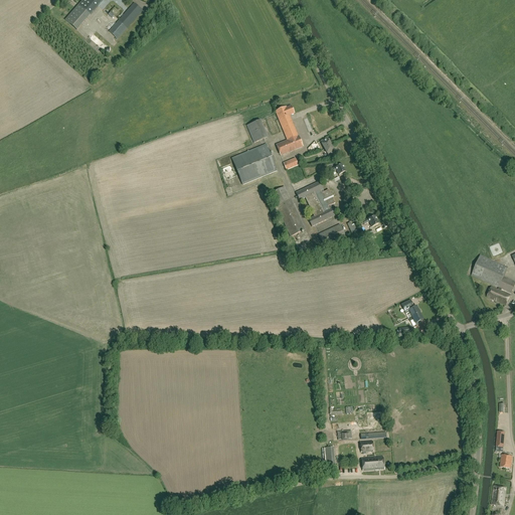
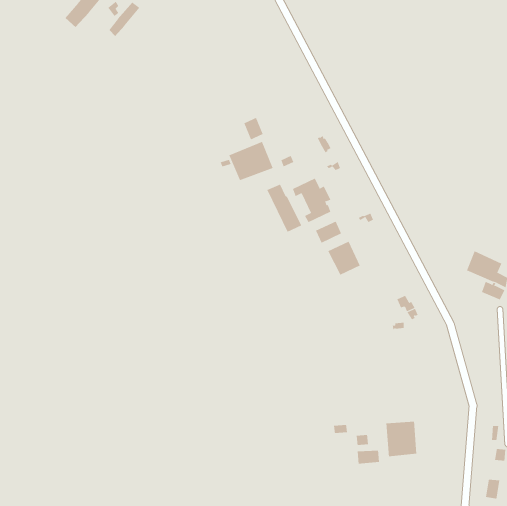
building: [277,105,304,154] -> none
building: none -> [328,241,361,275]
building: none -> [386,421,417,457]

